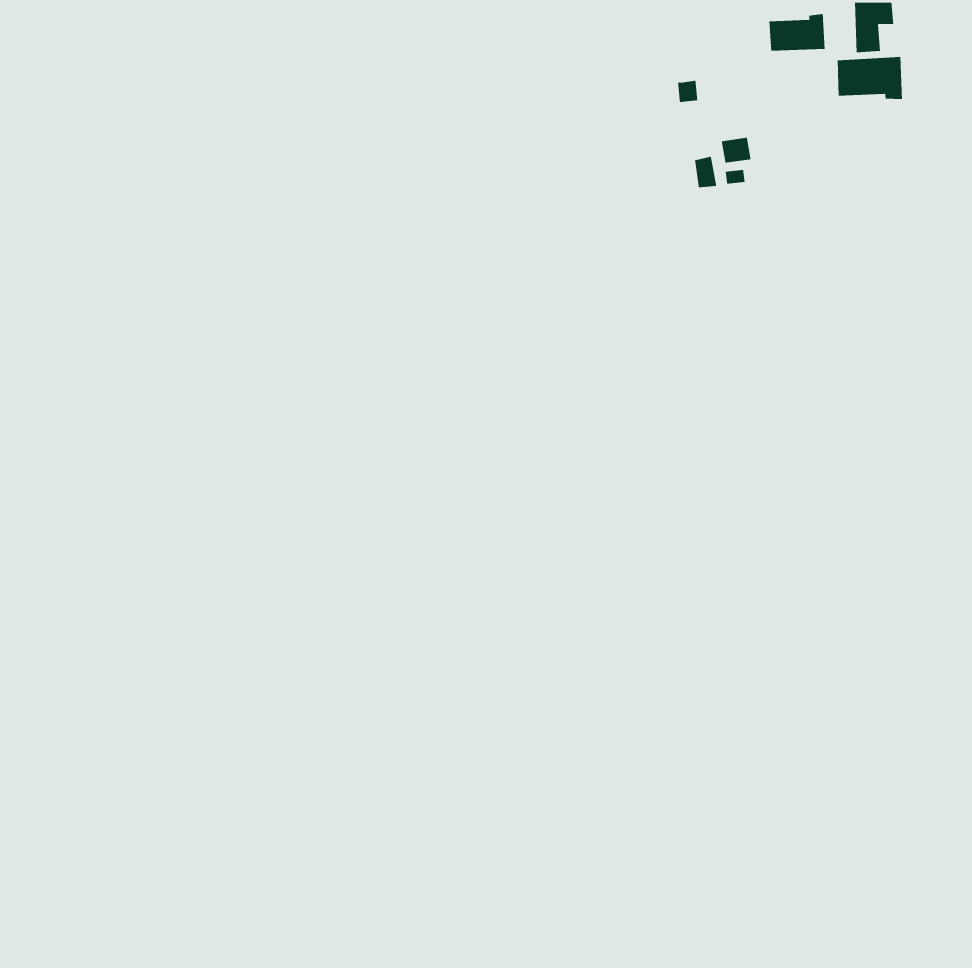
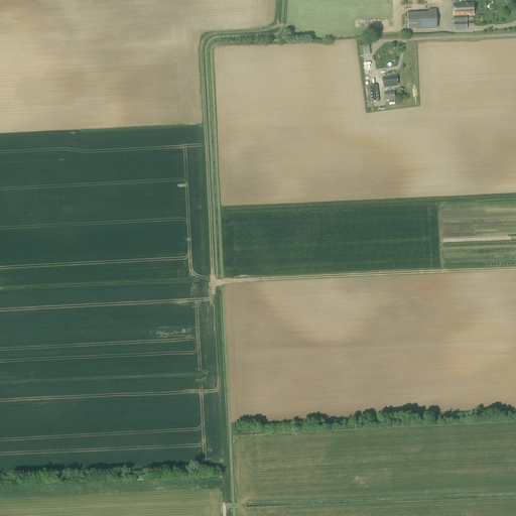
building: [837,56,903,100] -> none

